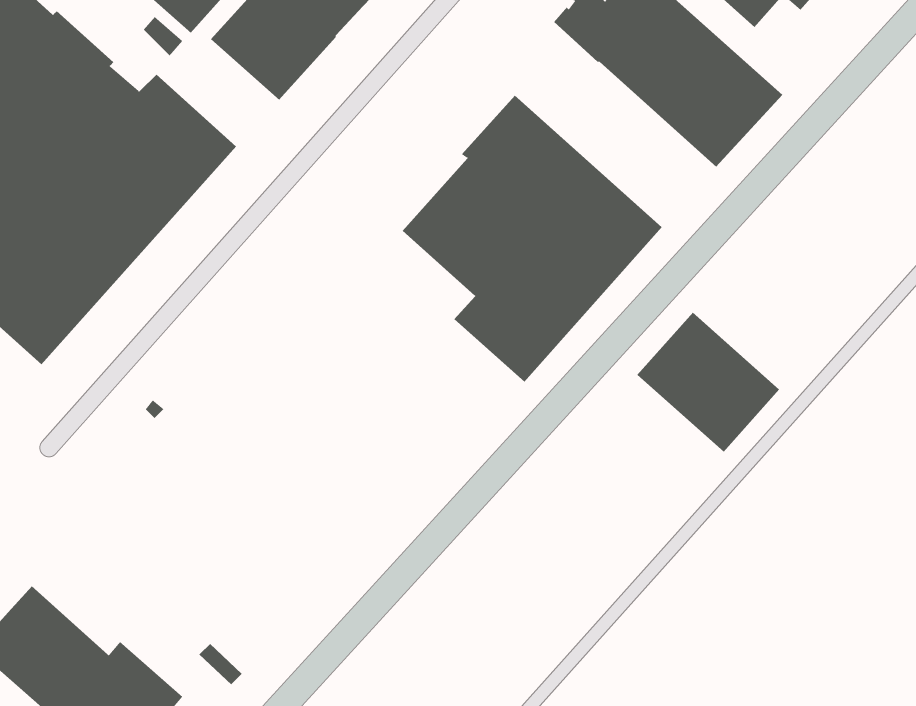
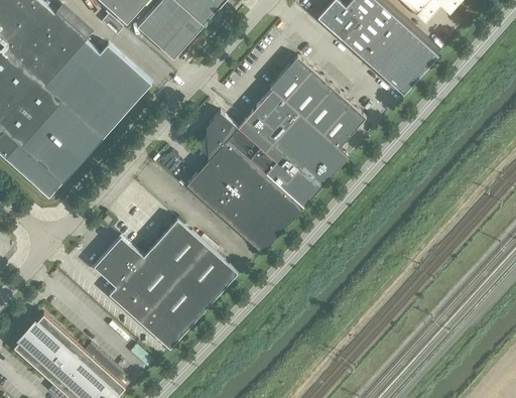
building: none -> [187,112,302,252]
building: [637,312,780,452] -> none
building: none -> [93,220,237,350]

